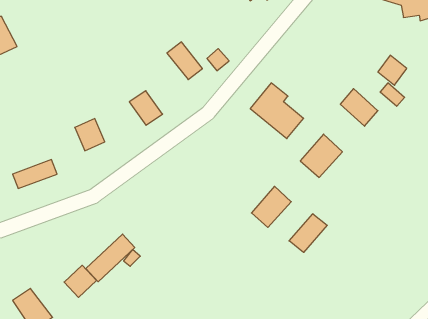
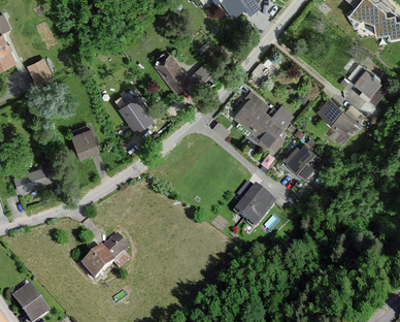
building: none -> [26,57,53,85]
building: [289,214,327,252] -> none
building: [64,265,97,297] -> none

